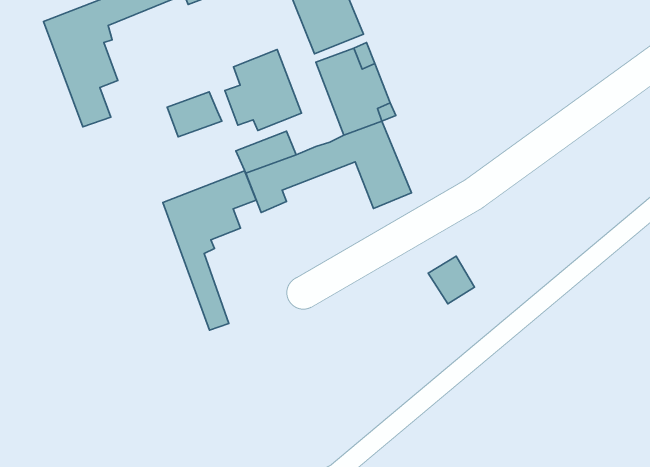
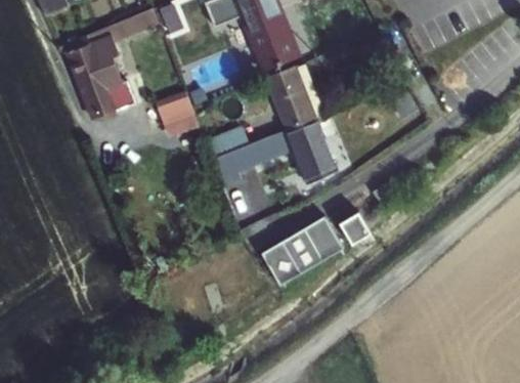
building: [225,49,302,130] -> none
building: [163,171,256,330] -> none
building: none -> [270,223,351,293]

